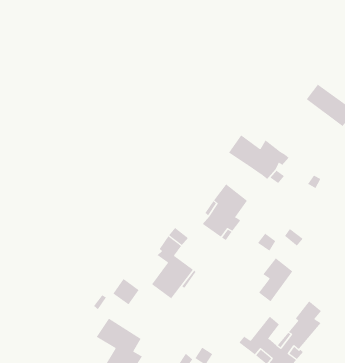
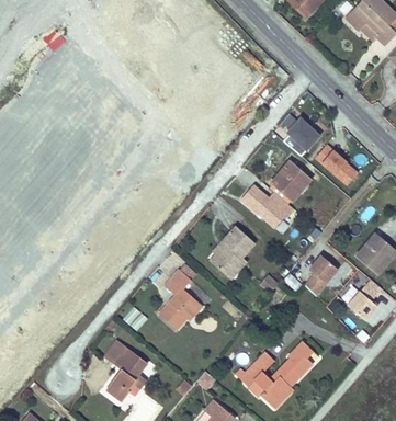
building: none -> [284,114,320,155]
building: none -> [270,158,312,202]
building: [258,258,293,302] -> [304,255,338,296]

